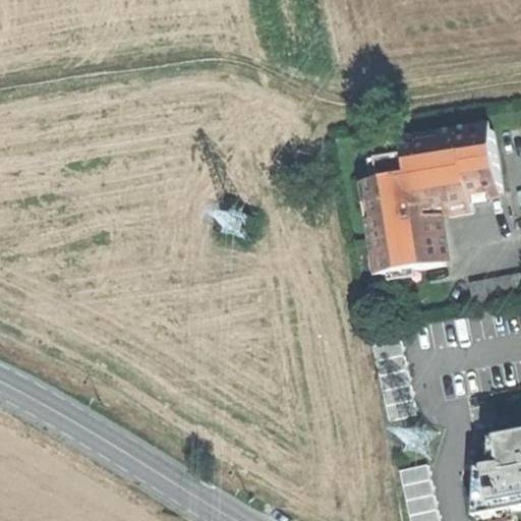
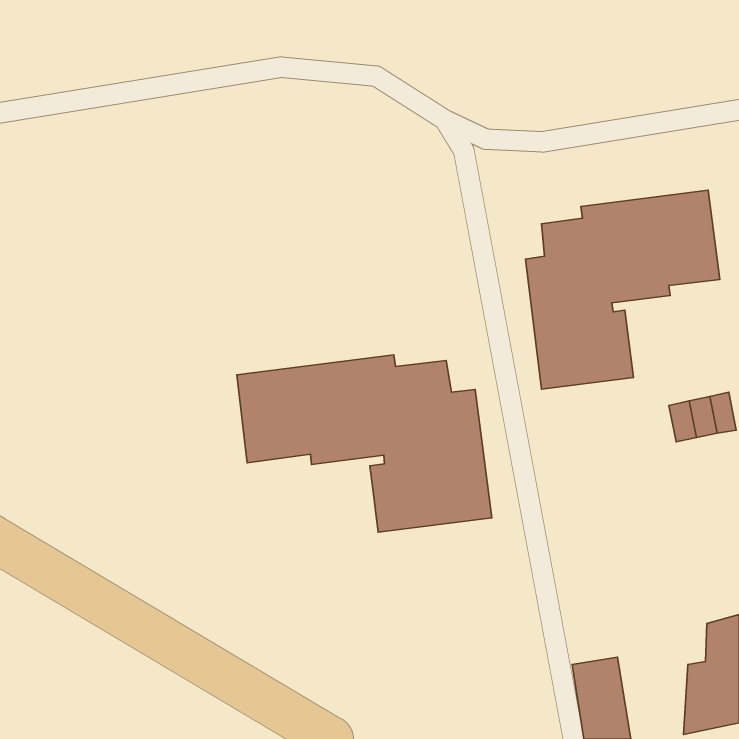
building: none -> [237,355,492,532]

